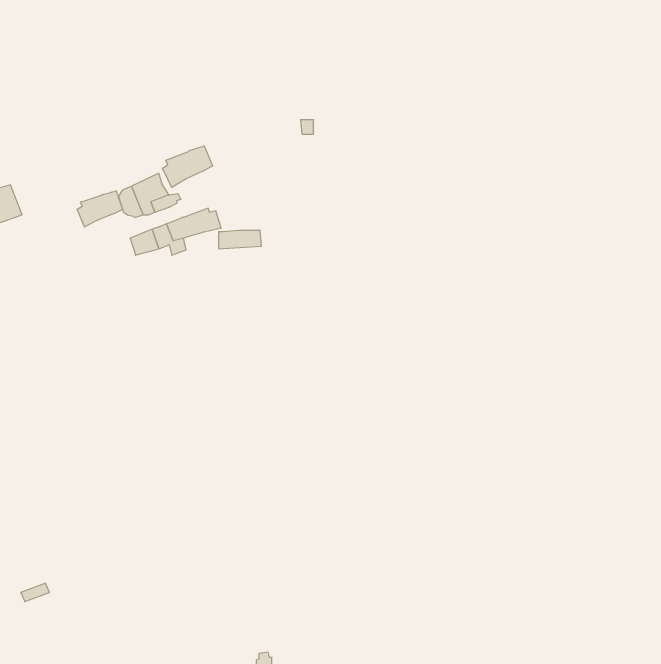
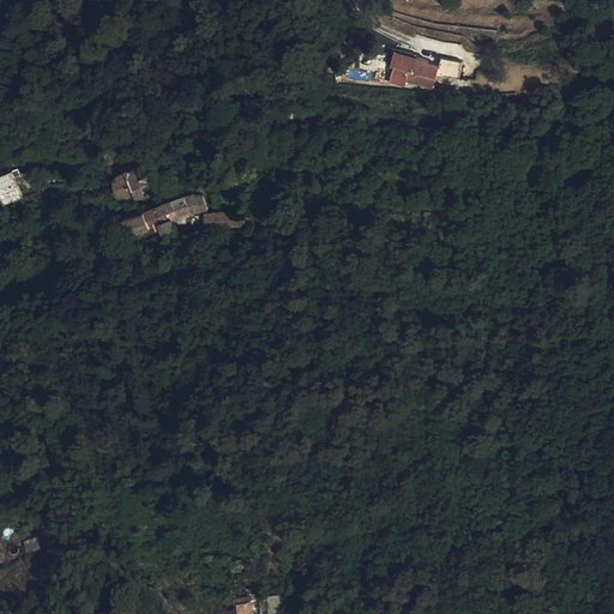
building: none -> [386,52,459,90]
building: [163,146,213,187] -> none
building: [77,191,123,227] -> none

